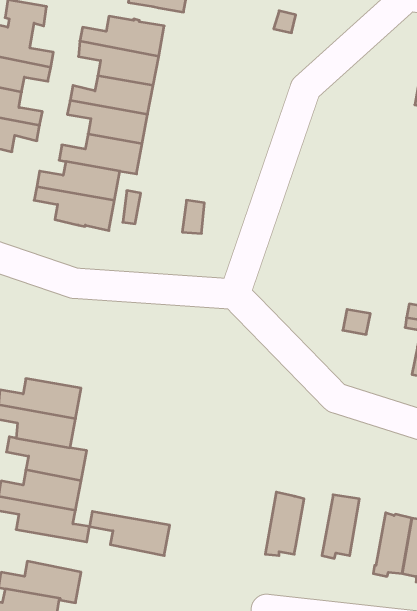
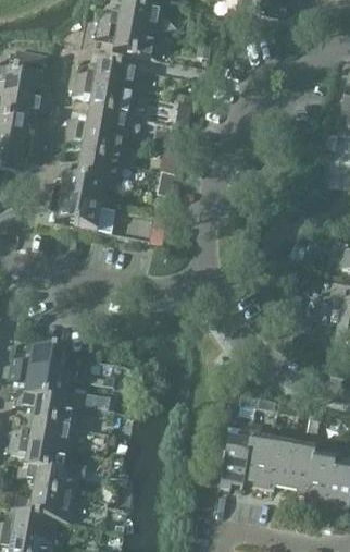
building: none -> [241,419,274,486]
building: none -> [287,431,328,493]
building: [89,511,170,556] -> [17,464,80,499]

